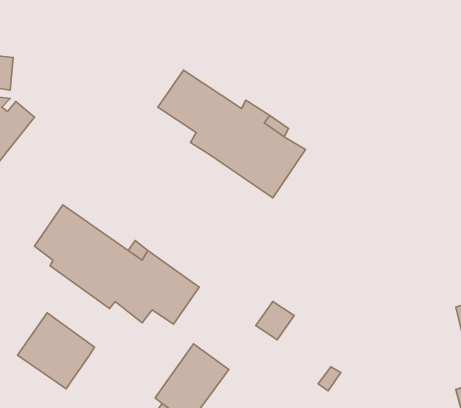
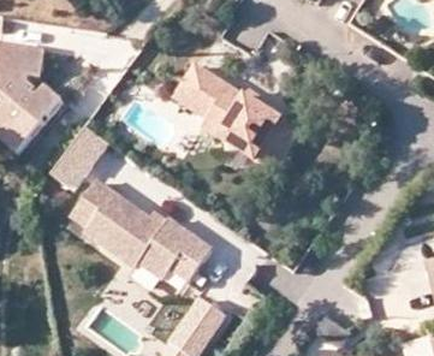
building: none -> [50,125,112,196]
building: [17,313,95,389] -> none

